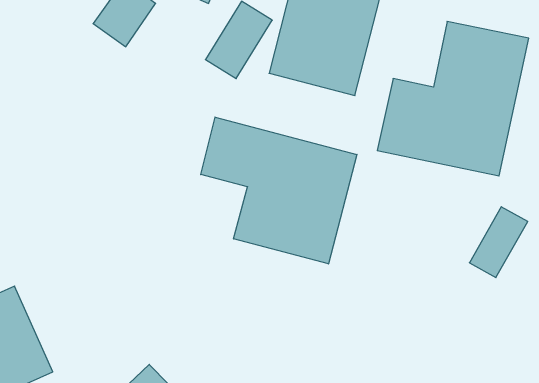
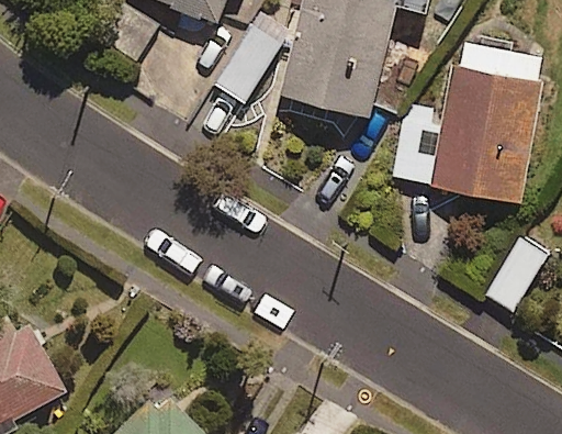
building: [201,117,357,264] -> none

